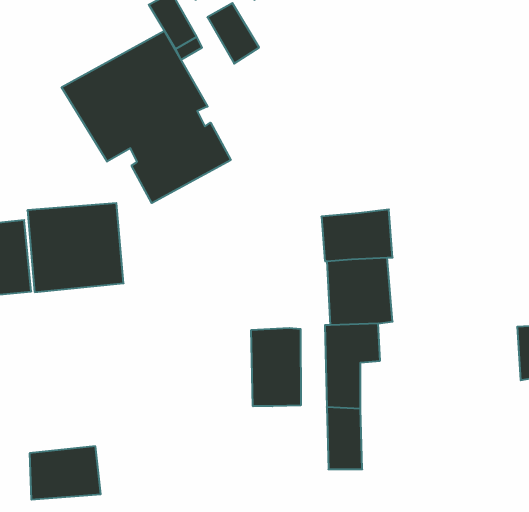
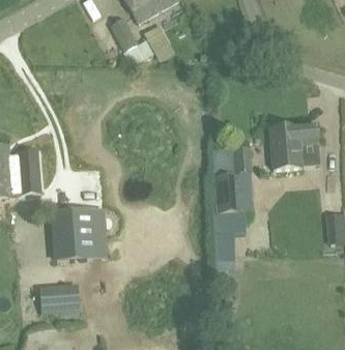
building: [62,31,231,203] -> none
building: none -> [270,123,319,168]
building: [27,203,124,292] -> [51,208,107,260]
building: [251,328,301,406] -> none

